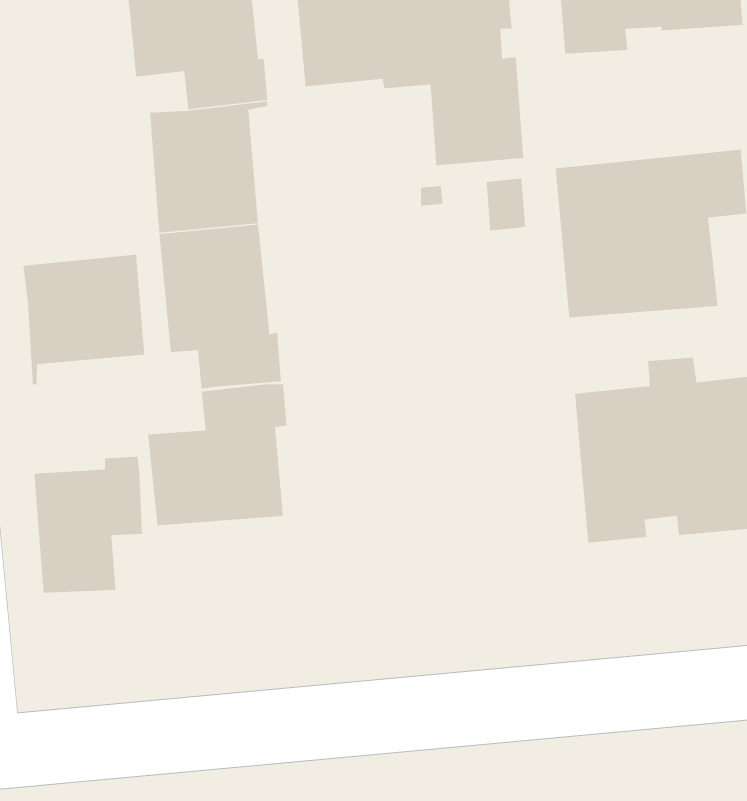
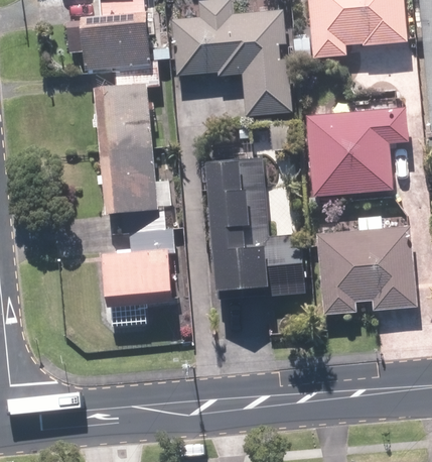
building: none -> [206,157,304,298]
building: [22,254,145,386] -> none
building: [34,456,143,594] -> none

